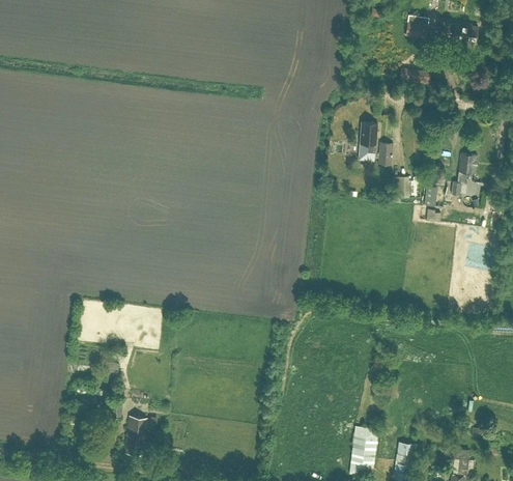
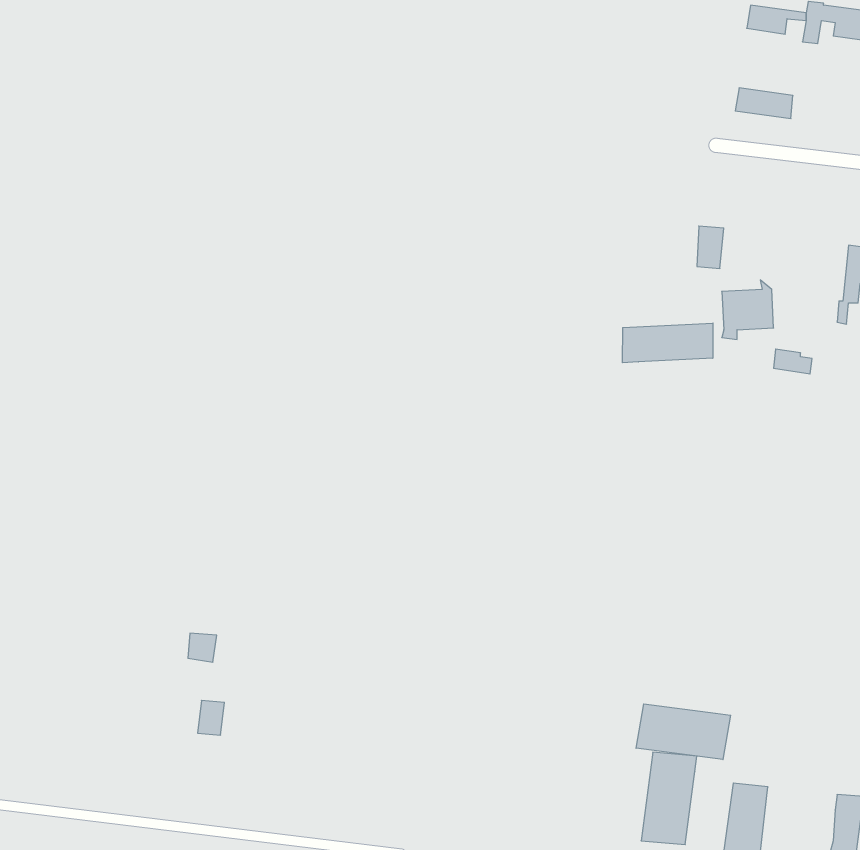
building: [360,122,377,152] -> none
building: none -> [623,323,713,363]
building: none -> [636,704,731,760]
building: [123,416,147,454] -> none

